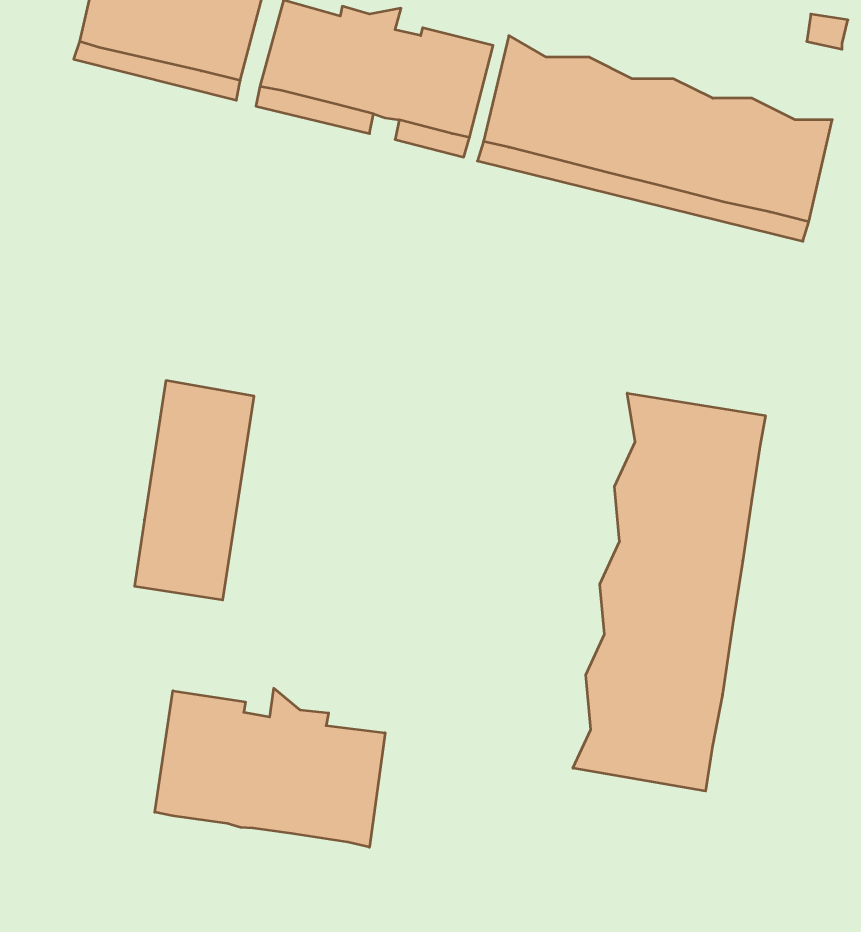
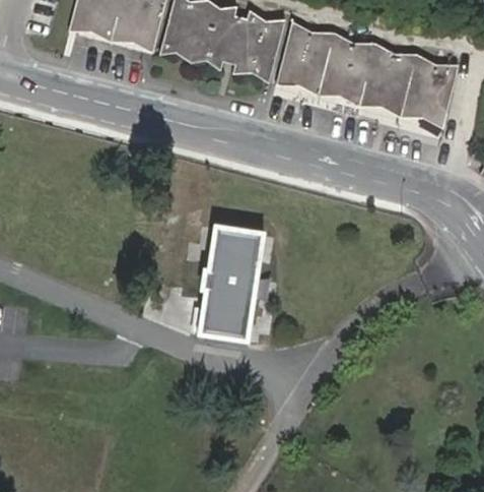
building: [135,381,254,600] -> [198,223,260,336]
building: [573,393,765,791] -> none
building: [155,688,385,847] -> none

